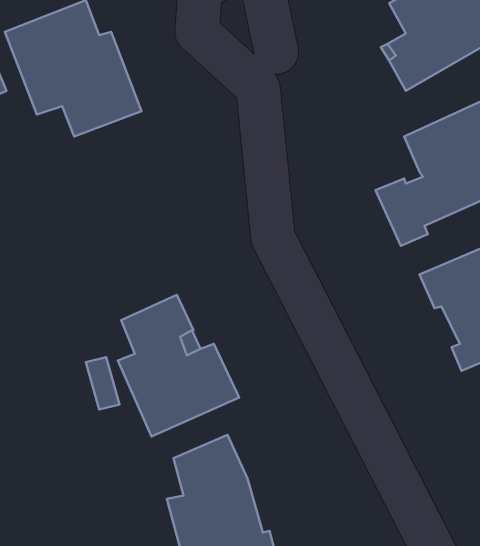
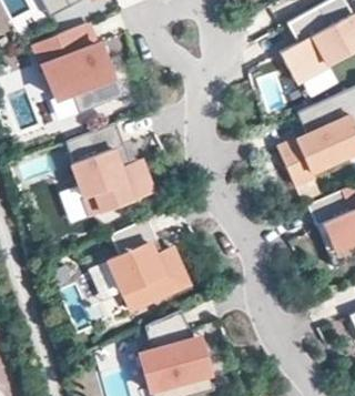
building: none -> [67,123,153,217]

